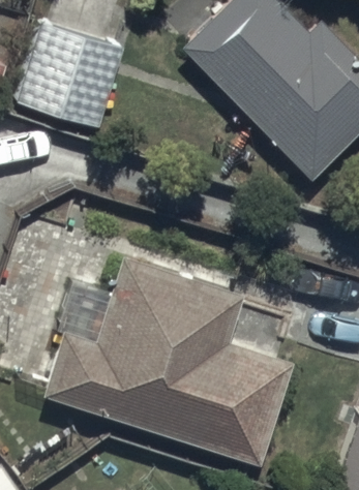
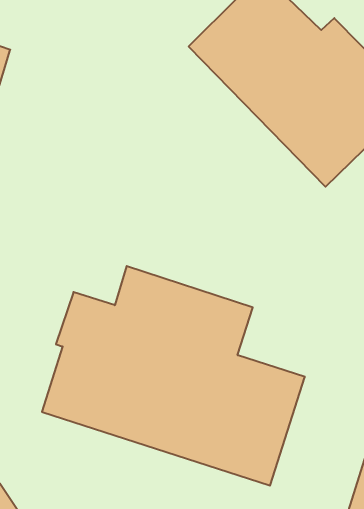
building: [17,25,122,128] -> none

